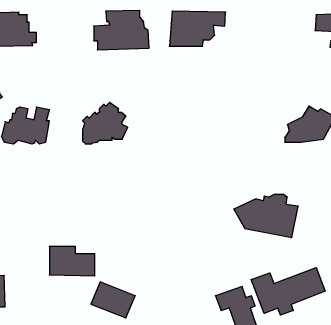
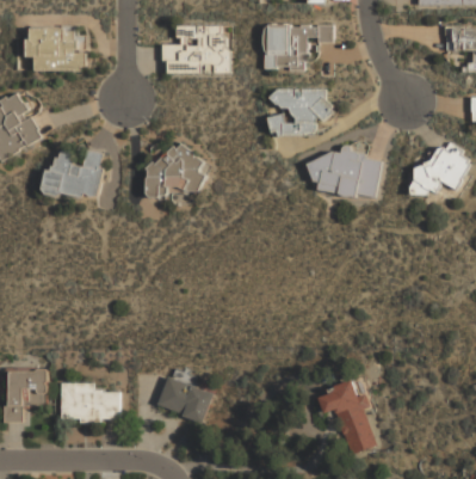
building: none -> [261,88,329,136]
building: [234,194,298,238] -> [301,145,384,201]
building: [49,246,95,276] -> [61,382,119,420]
building: [251,268,325,315] -> none

